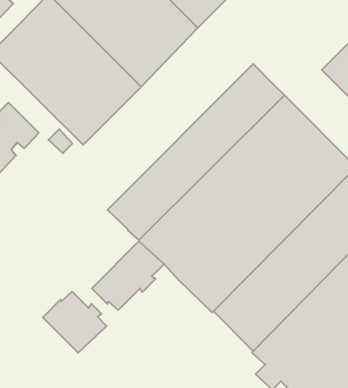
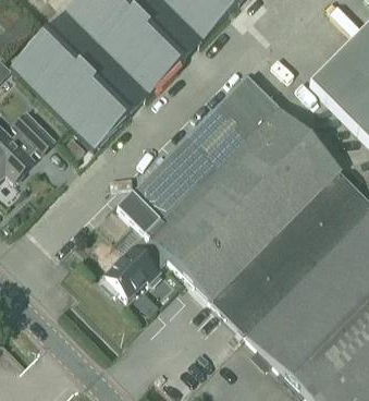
building: [43,292,107,353] -> none

